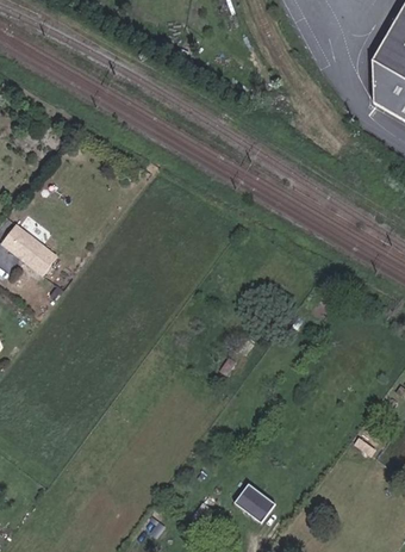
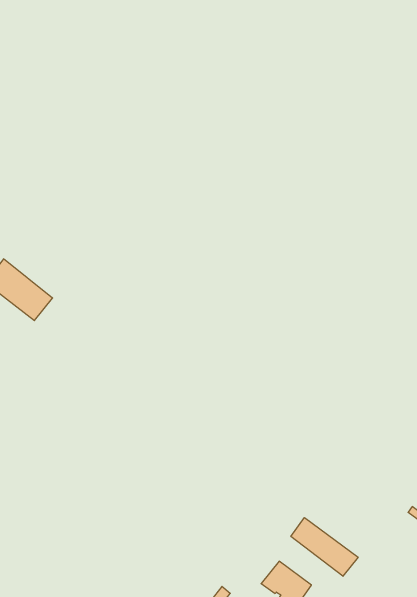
building: none -> [291,518,358,576]

